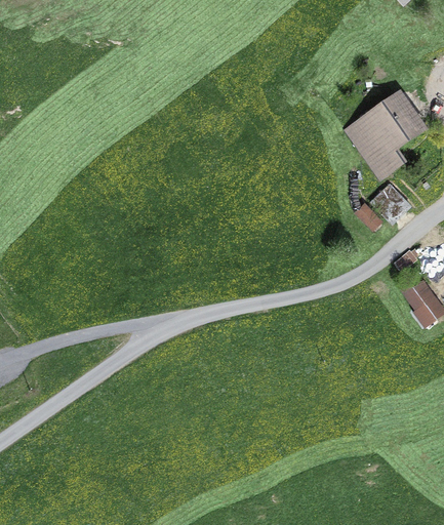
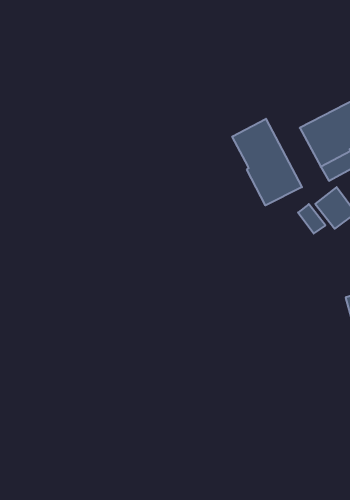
building: none -> [232,119,302,205]

